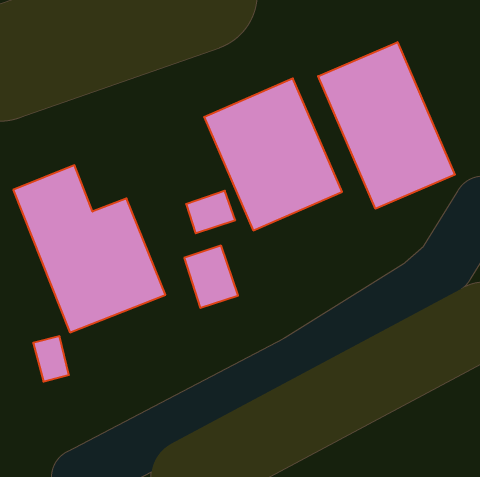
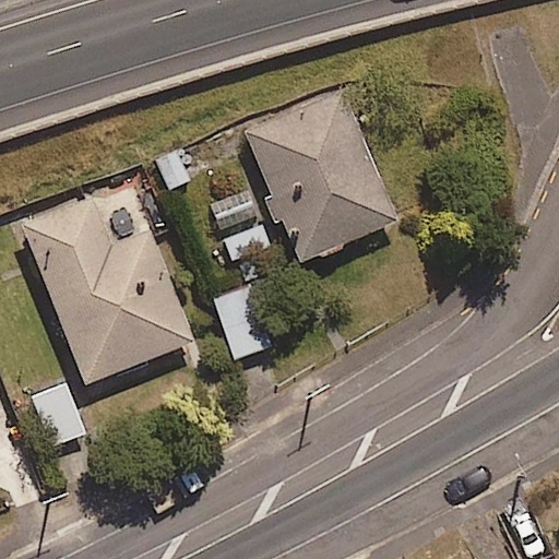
building: [318,42,455,209] -> none

